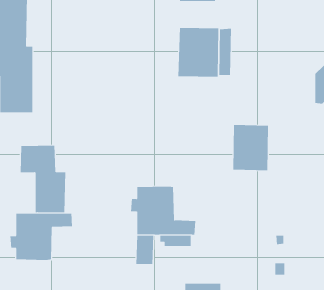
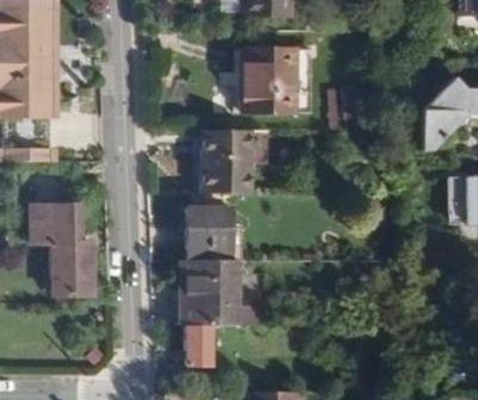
building: [232,124,269,171] -> [201,132,250,194]
building: none -> [186,207,229,261]
building: [10,213,73,261] -> none

